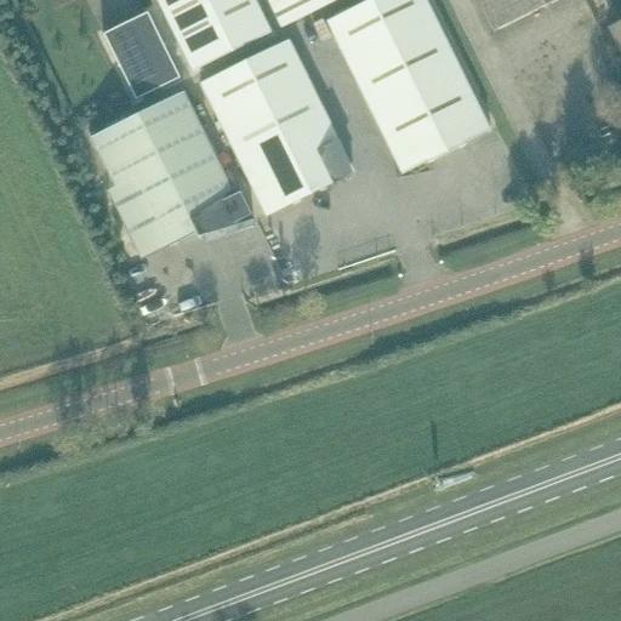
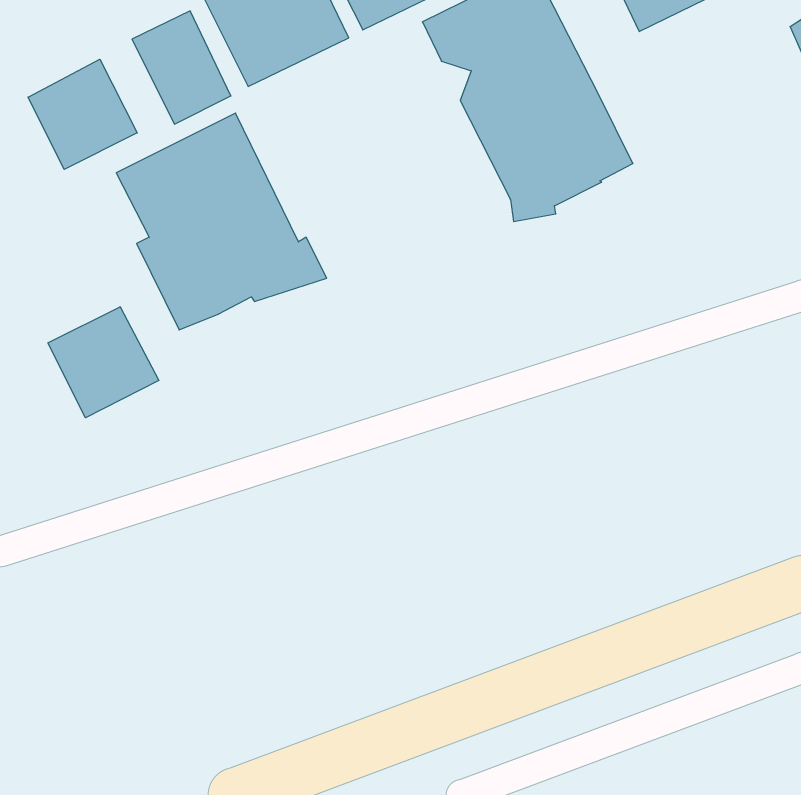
building: [201,36,354,211] -> none
building: none -> [28,59,137,169]
building: none -> [48,307,159,418]

